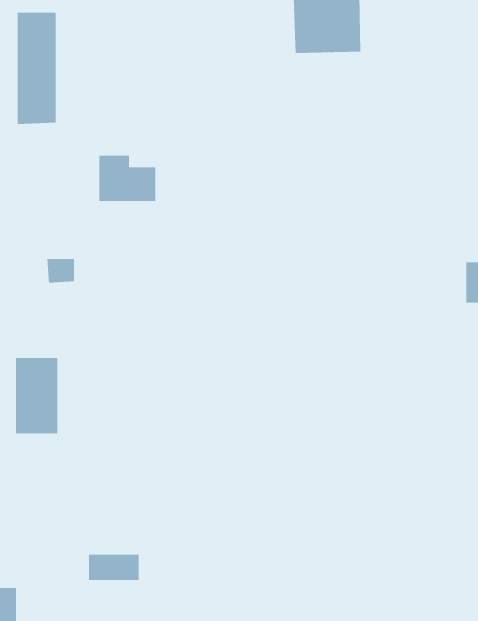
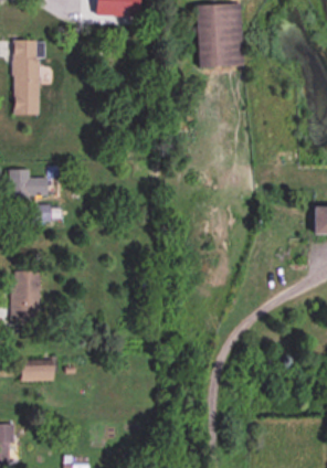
building: [98,155,156,201] -> [10,169,49,200]
building: [88,554,140,581] -> [21,364,55,382]

